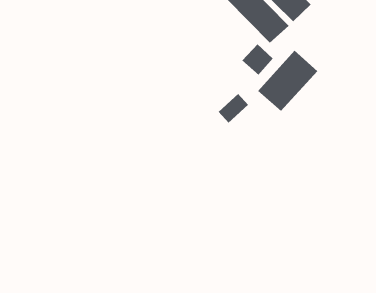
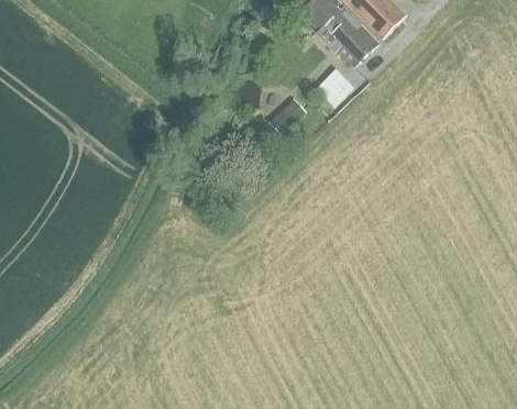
building: [257,50,318,112] -> none
building: [218,93,249,123] -> [267,97,306,134]

